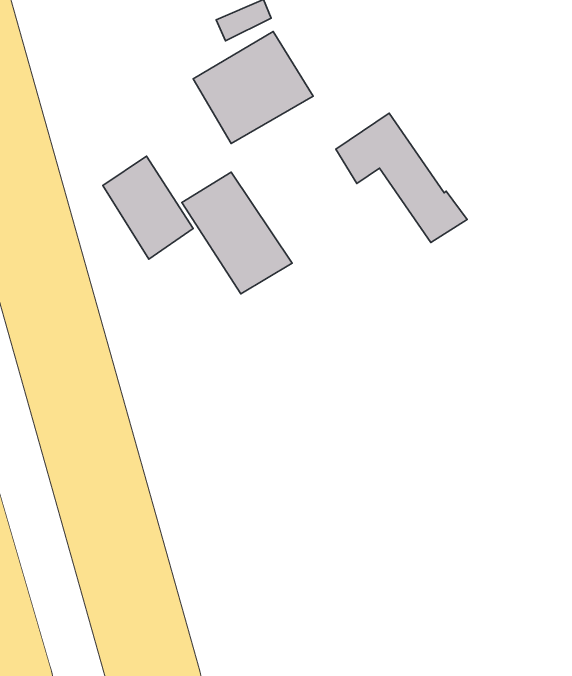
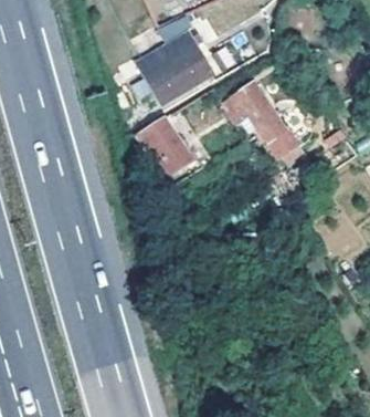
building: [103,156,193,259] -> none

